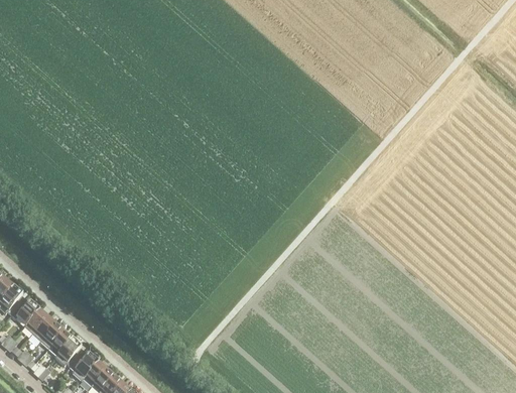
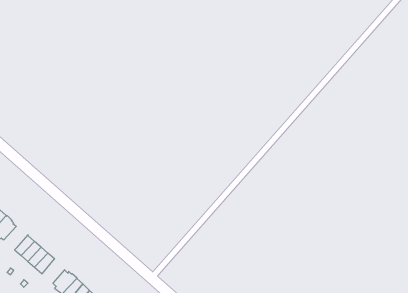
building: [7,293,36,319] -> none
building: [51,333,81,362] -> none

